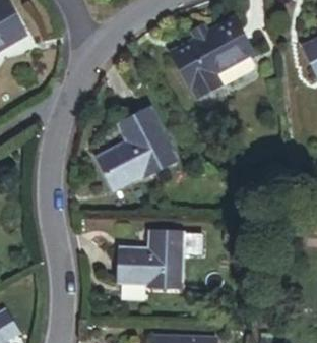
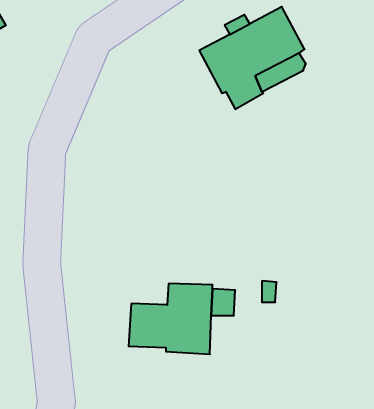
building: [99,107,174,185] -> none

